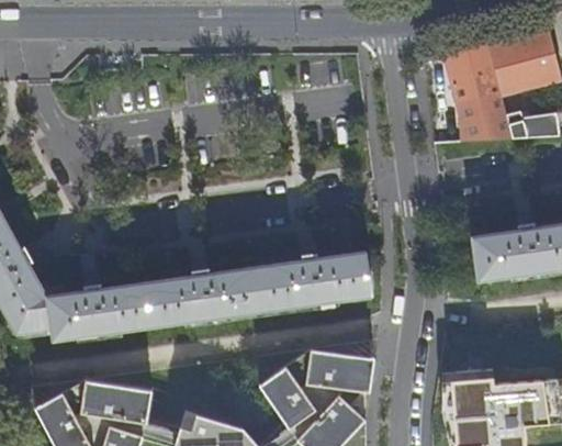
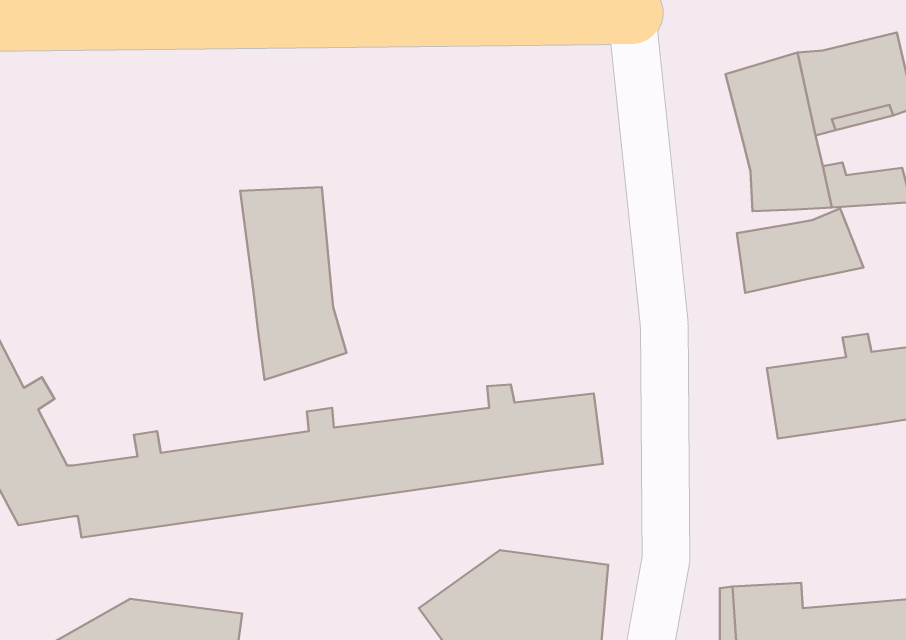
building: none -> [240,187,347,380]
building: none -> [737,209,863,293]

